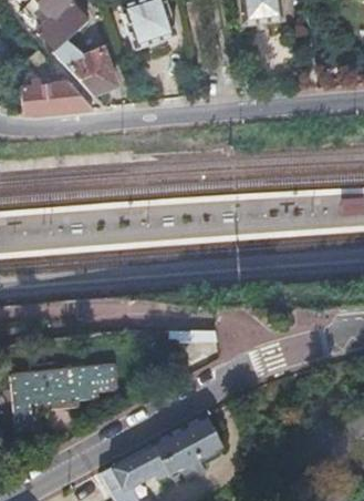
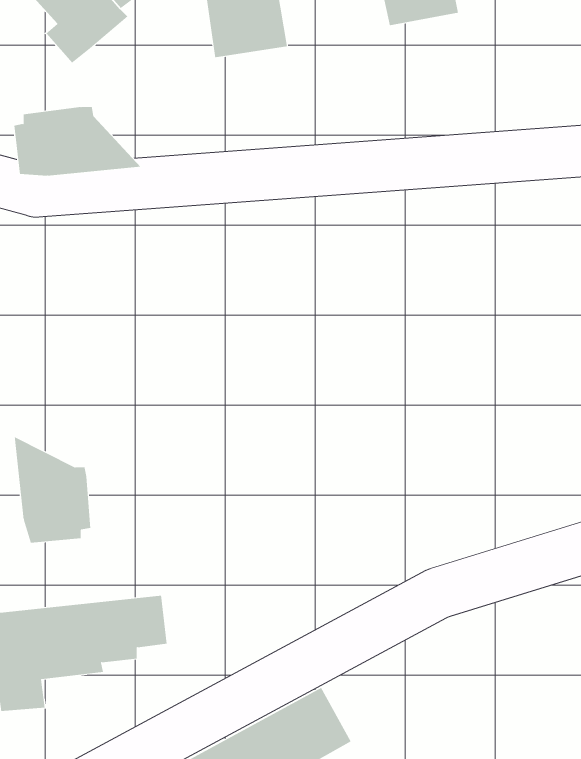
building: [54,40,117,94] -> none
building: none -> [14,436,91,544]

